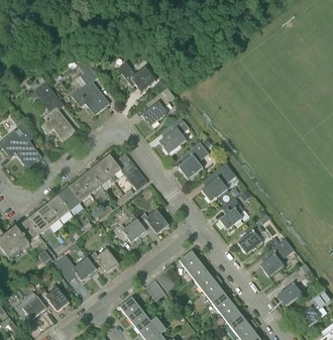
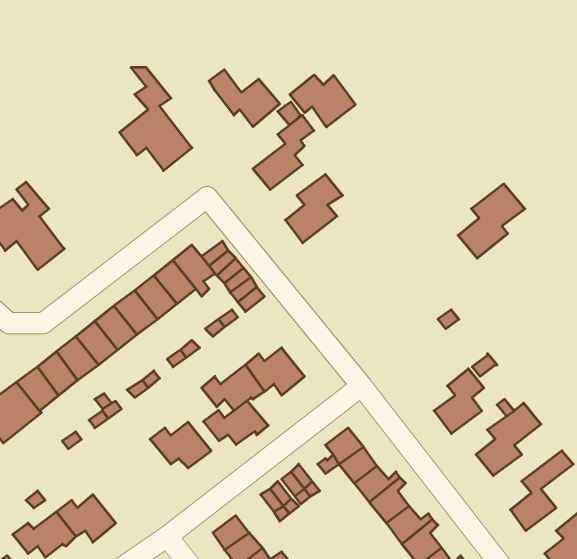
building: none -> [290,75,355,127]
building: [33,81,75,140] -> none
building: [178,141,209,180] -> none
building: [201,162,236,202] -> [458,184,525,258]
building: [219,197,249,232] -> none
building: [64,257,98,280] -> [203,401,268,445]

